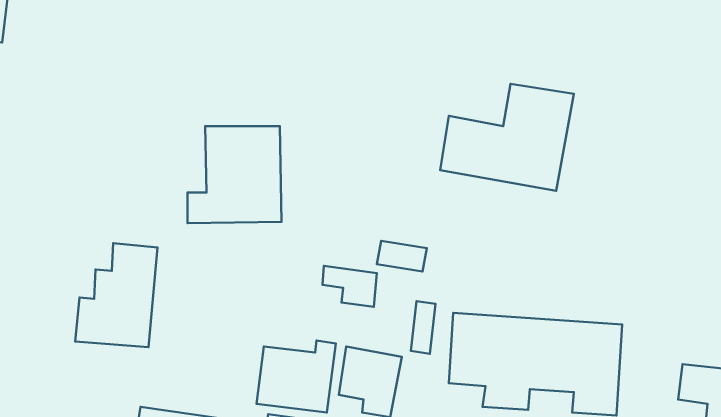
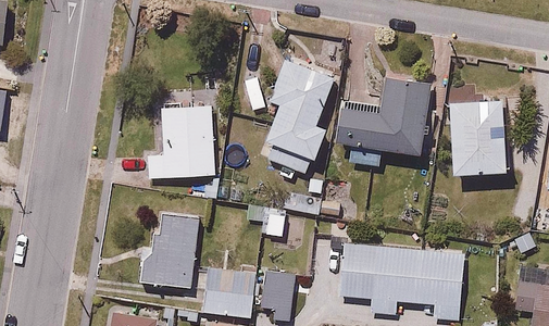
building: none -> [259,57,335,176]
building: none -> [450,100,506,173]
building: [75,243,157,347] -> [137,211,198,288]

